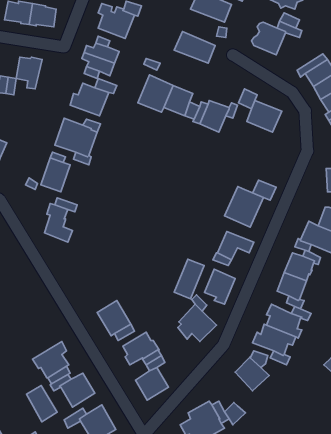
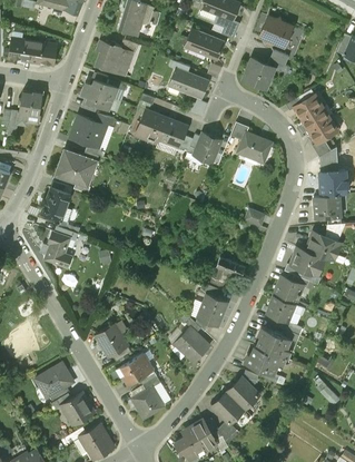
building: [225,186,263,227] -> none
building: [174,259,204,299] -> none
building: none -> [211,391,244,423]
building: [26,386,57,422] -> none

